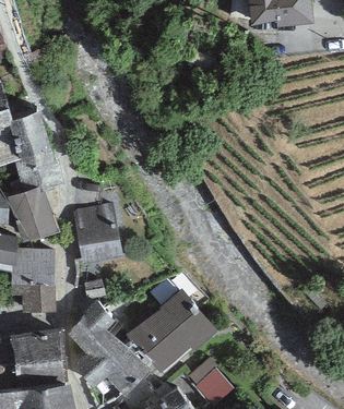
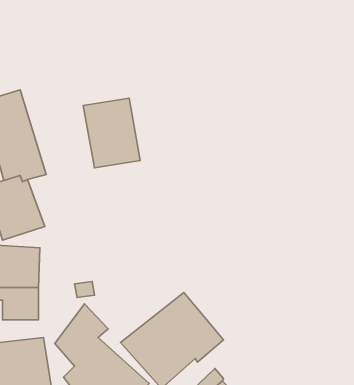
building: [72,202,122,263] -> [83,98,140,168]

